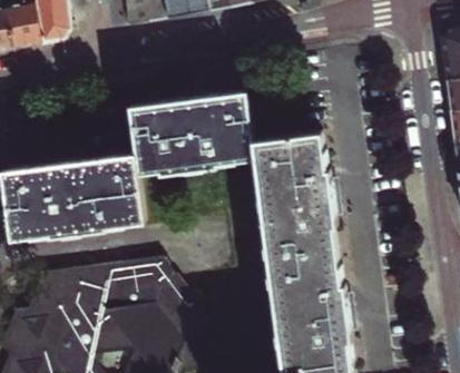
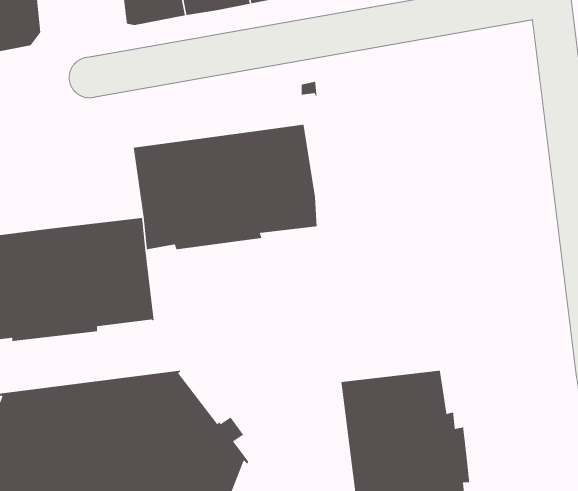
building: [252,132,340,265] -> none

